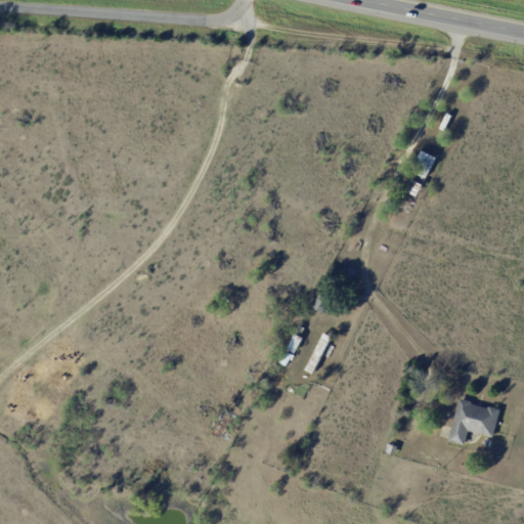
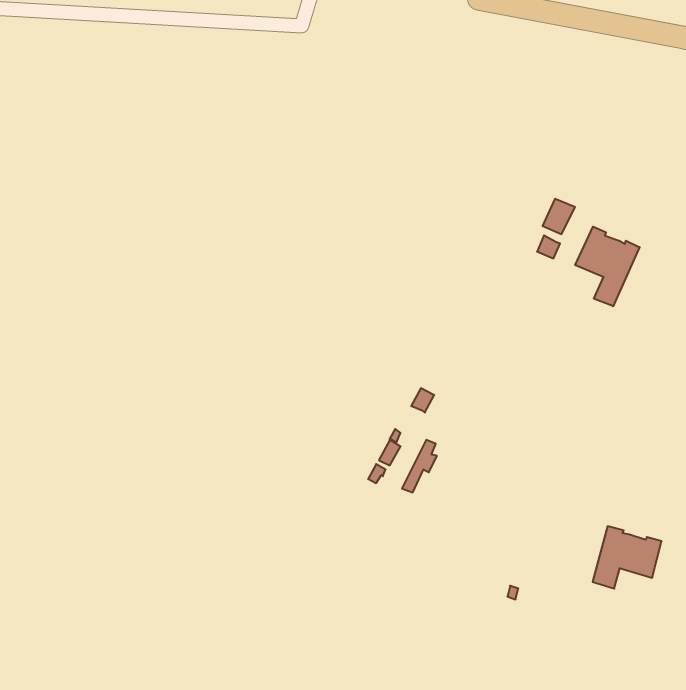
building: none -> [575,227,640,306]

